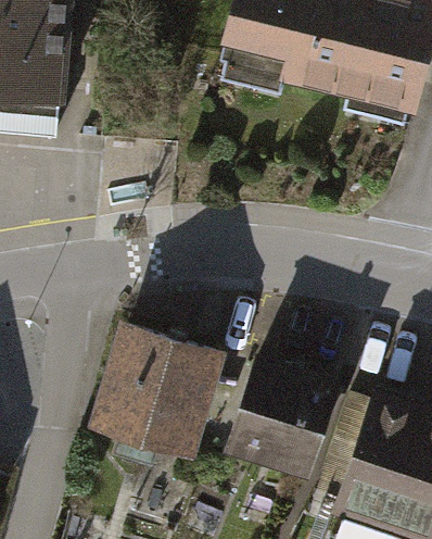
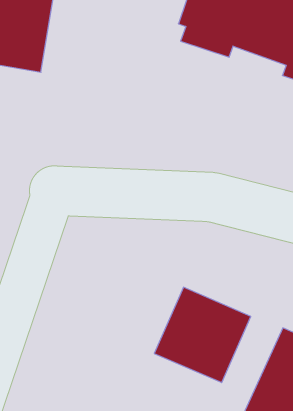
building: [98,326,215,463] -> none

